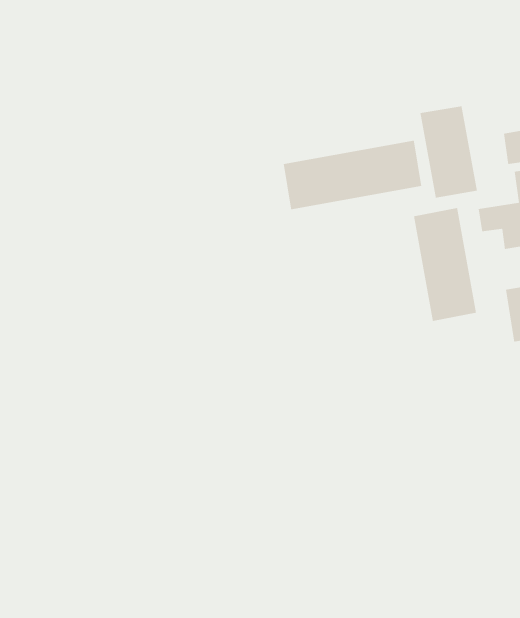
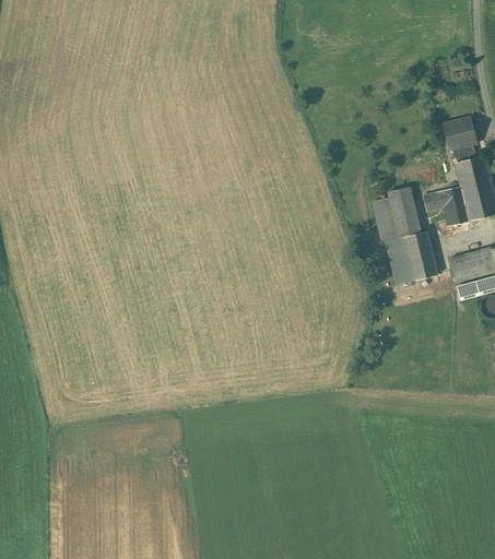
building: [420,105,477,198] -> none
building: [283,140,422,210] -> none

